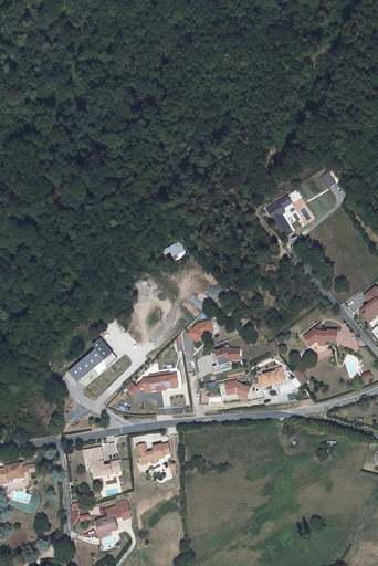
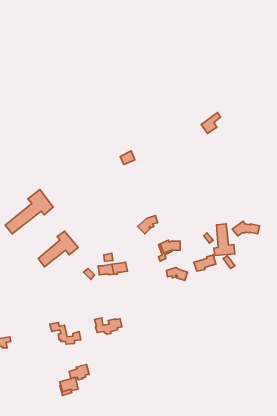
building: none -> [5,189,53,234]
building: none -> [214,224,235,255]

